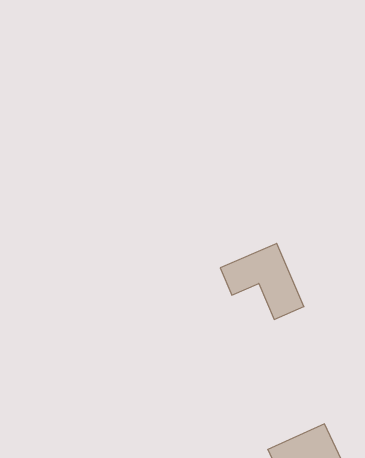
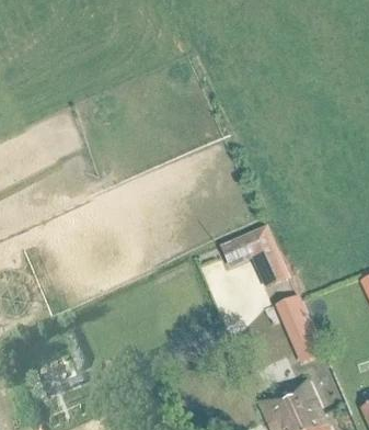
building: none -> [275,293,324,362]

